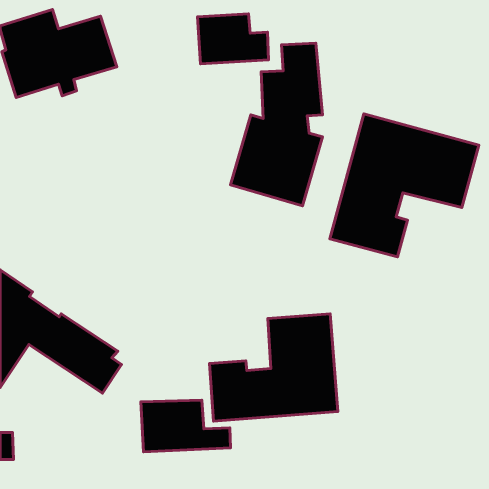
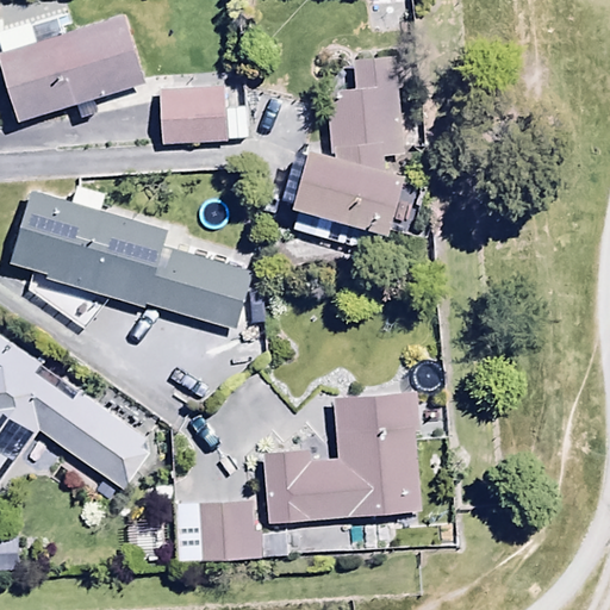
building: [198,14,268,64] -> [158,86,247,148]
building: [330,114,479,257] -> none
building: none -> [10,186,251,330]

